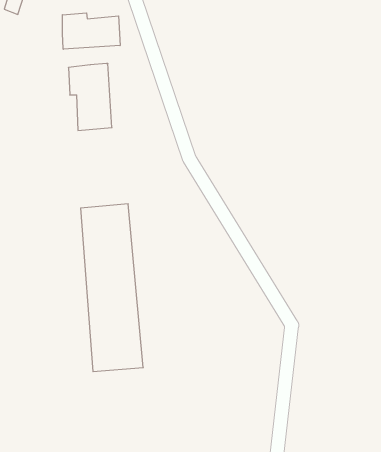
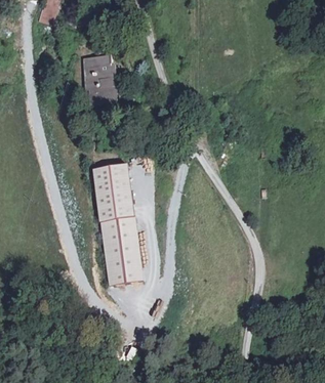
building: [62,13,120,49] -> none

